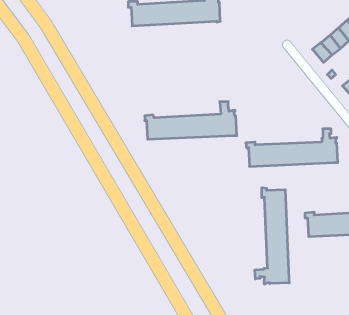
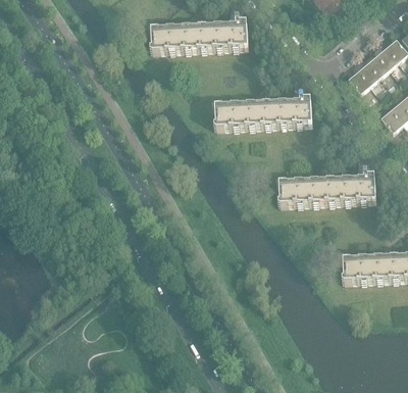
building: [145,102,237,139] -> [213,85,313,126]
building: [255,188,289,284] -> none

